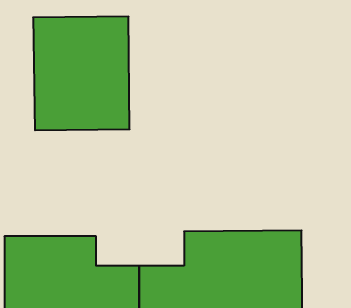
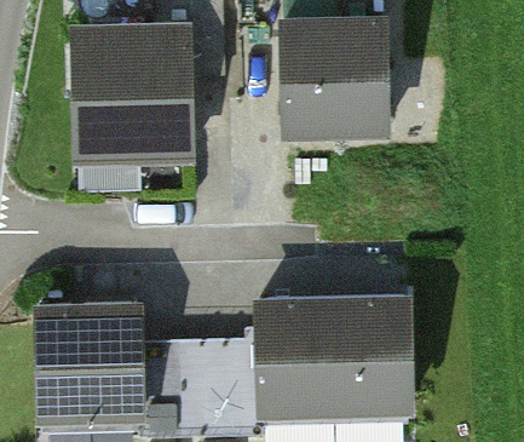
building: none -> [282,19,395,137]

